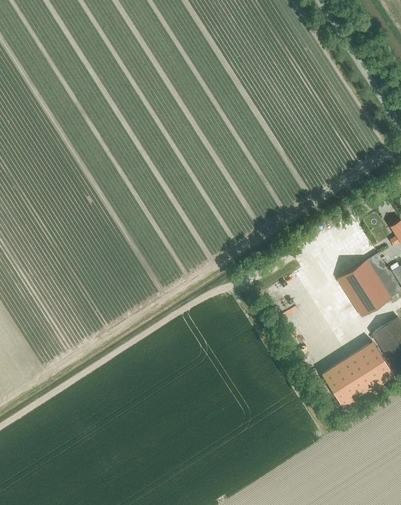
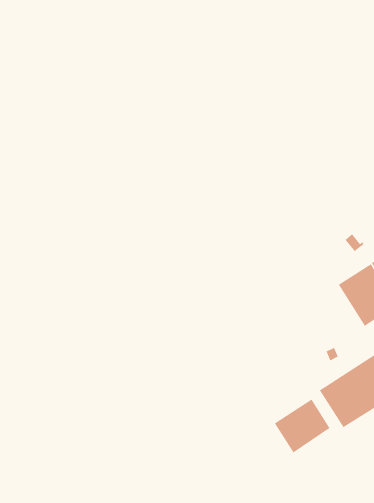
building: none -> [274,398,330,453]

